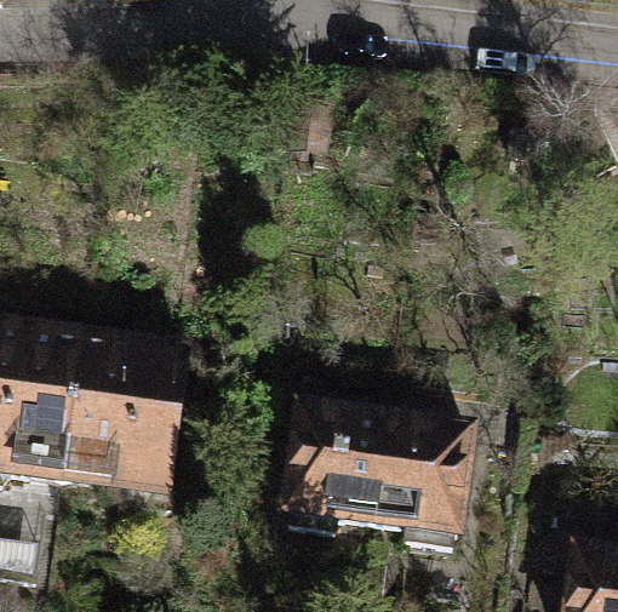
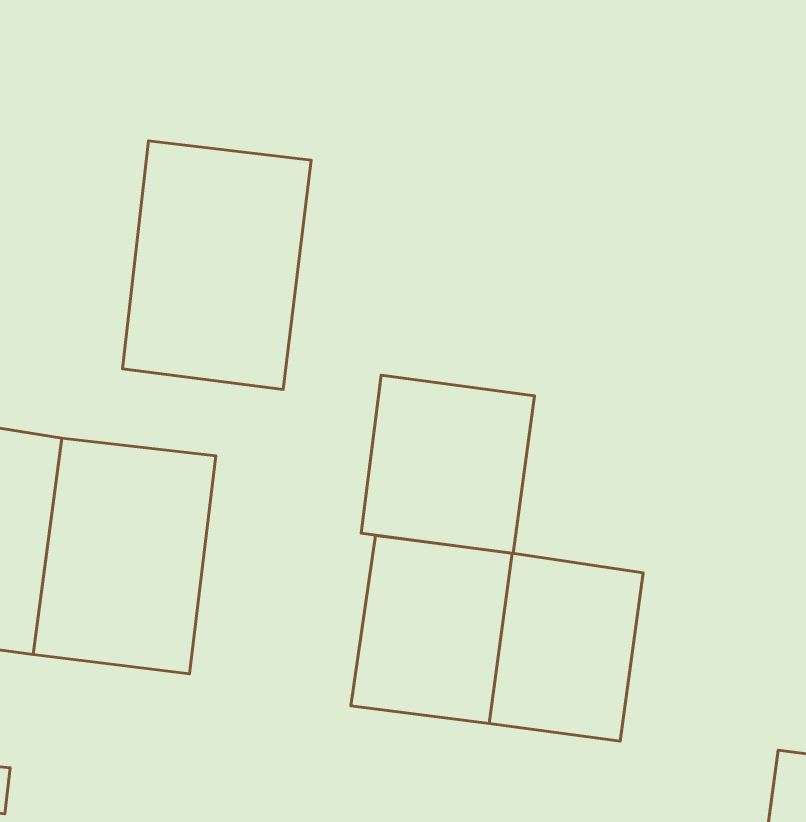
building: none -> [123,141,311,390]
building: none -> [361,375,535,553]

